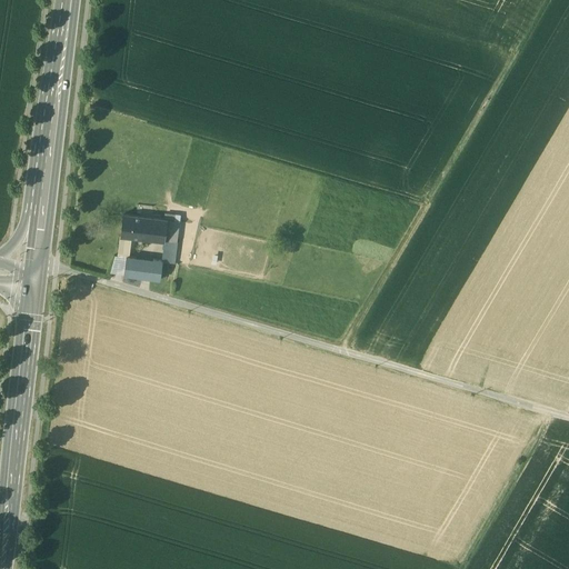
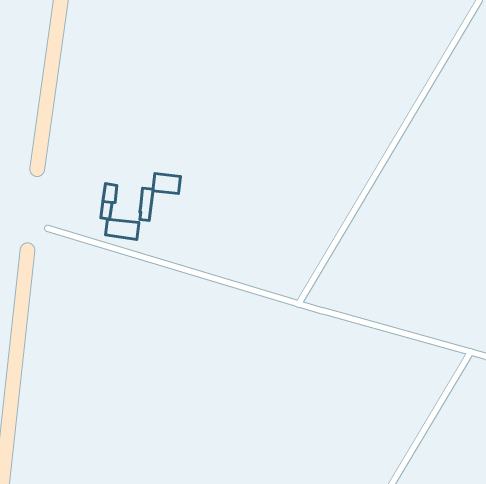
building: [134,219,167,242] -> [153,174,181,194]

